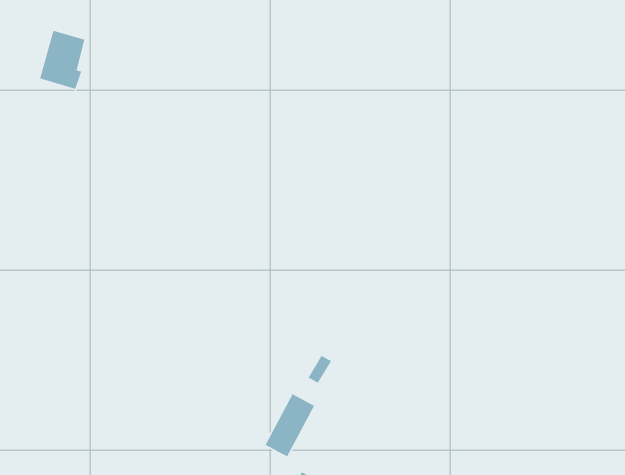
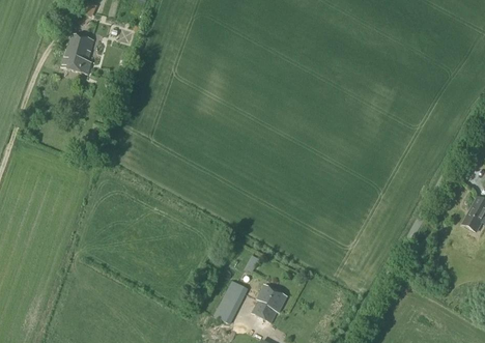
building: none -> [253,284,288,321]

